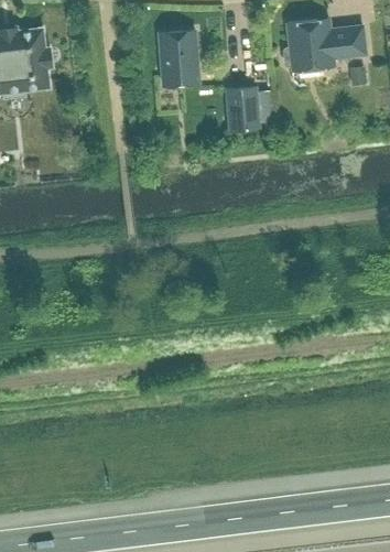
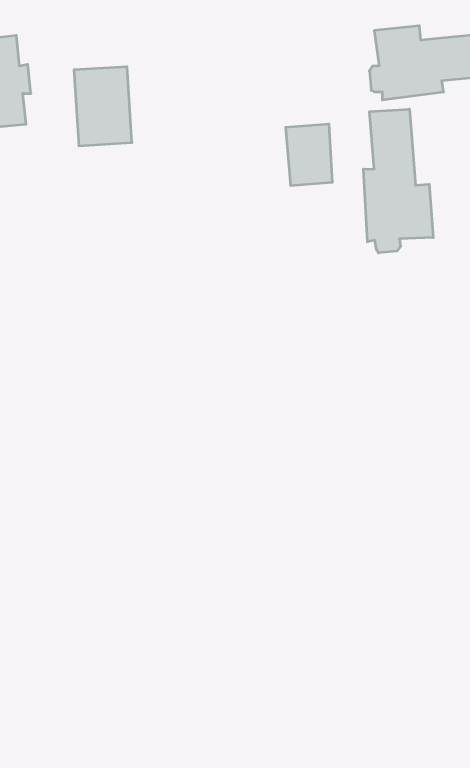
building: [159,32,198,86] -> [74,67,132,146]
building: none -> [363,109,433,253]

